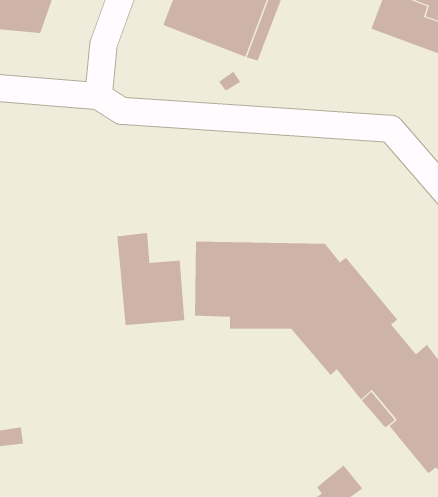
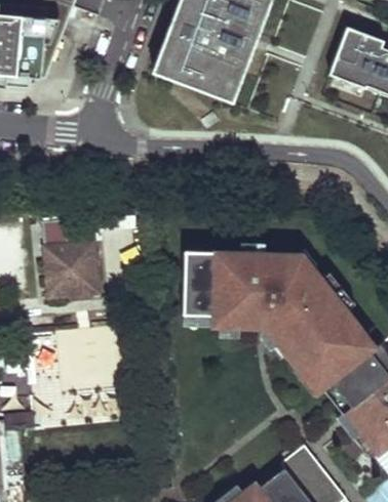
building: [116,232,185,325] -> [41,218,100,297]

